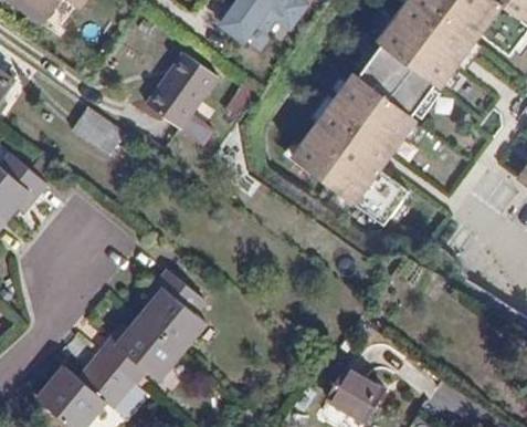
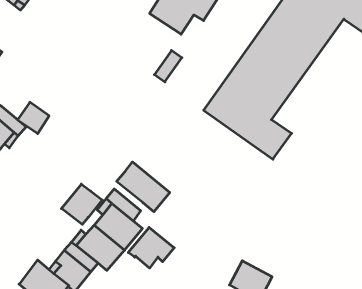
building: [146,52,217,127] -> none
building: [71,105,114,148] -> [18,102,49,134]
building: none -> [117,162,170,212]
building: none -> [61,184,102,224]
building: none -> [128,227,174,268]

